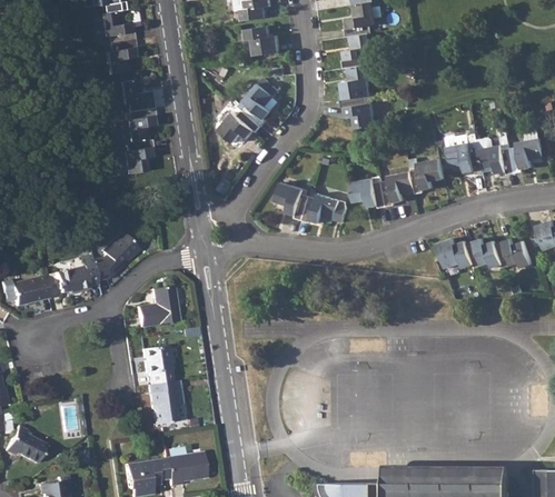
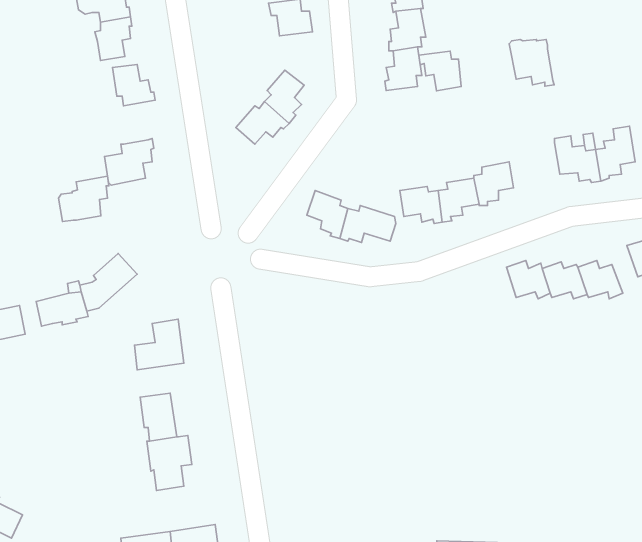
building: [341,97,376,129] -> [419,51,461,91]
building: [113,108,155,145] -> [58,176,109,221]
building: [447,135,484,172] -> [509,40,554,86]

